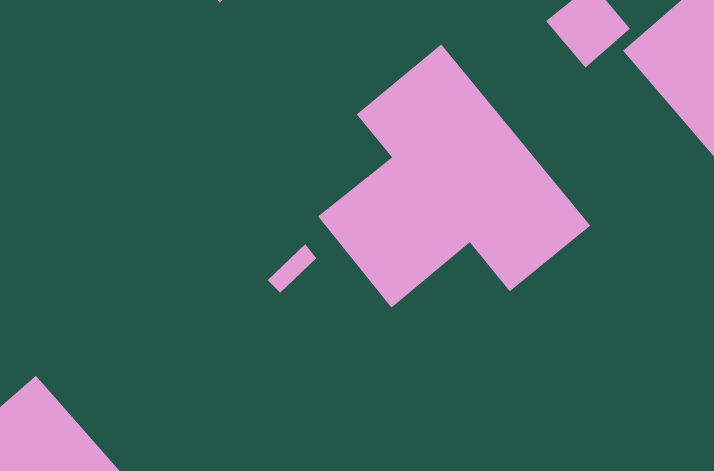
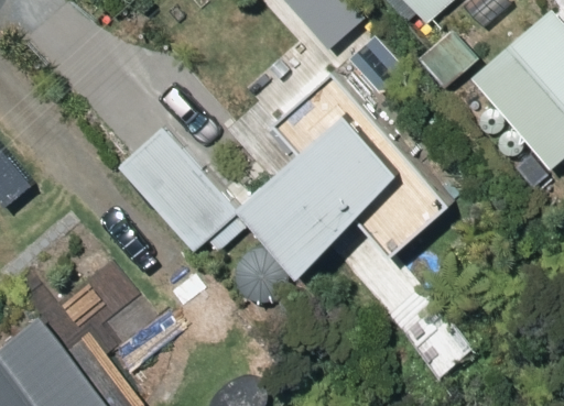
building: none -> [116,127,238,254]

